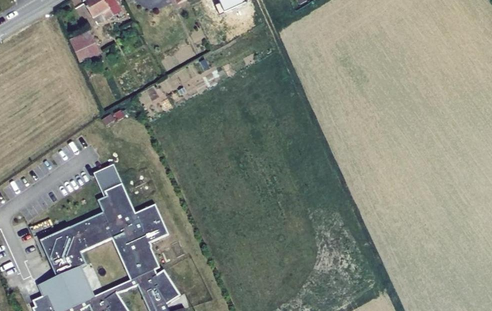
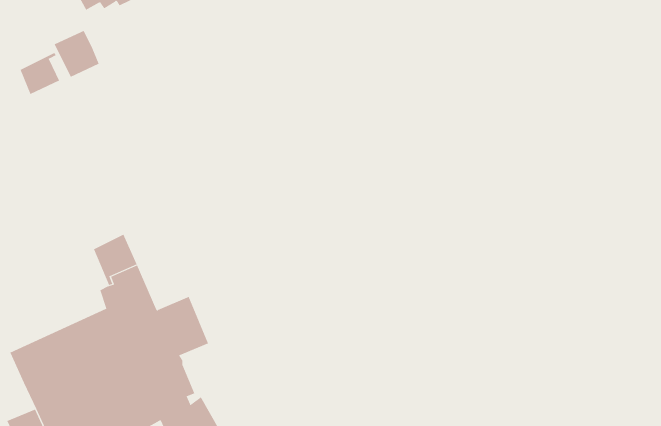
building: none -> [20,52,60,95]

